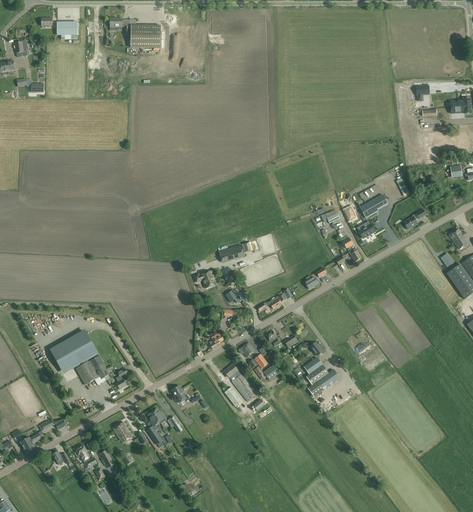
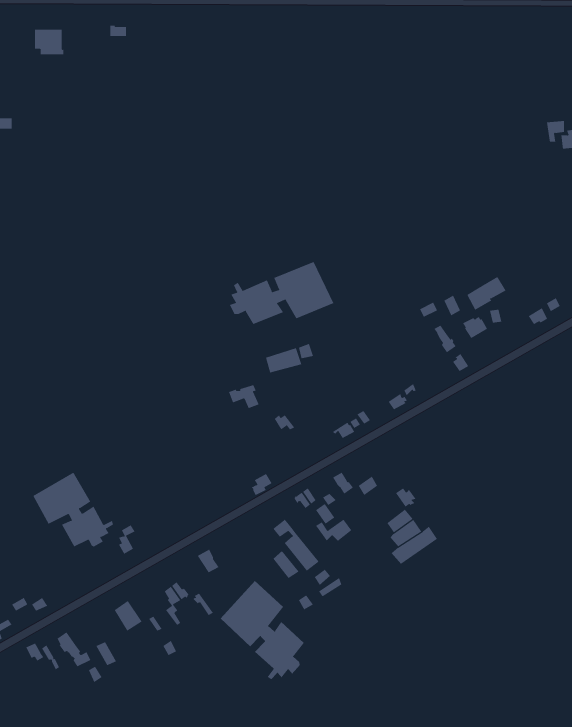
building: [131,25,161,47] -> none
building: none -> [229,261,334,325]
building: none -> [220,580,304,680]

